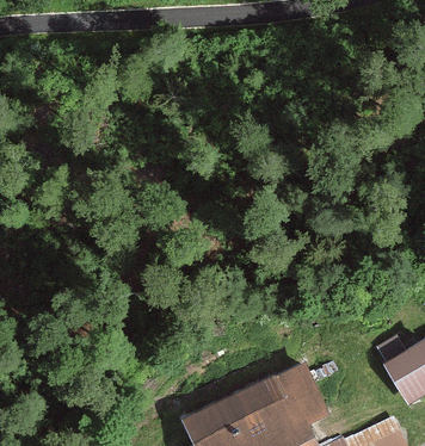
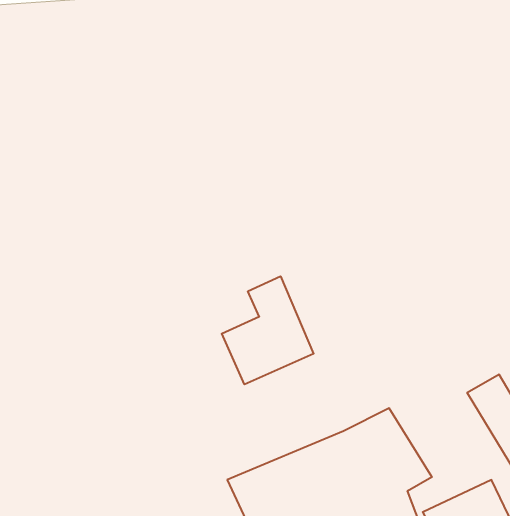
building: none -> [222,276,314,384]

